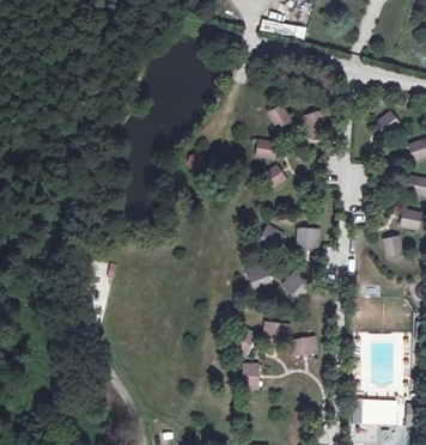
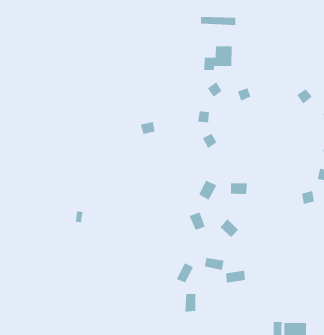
building: none -> [204,45,233,71]

